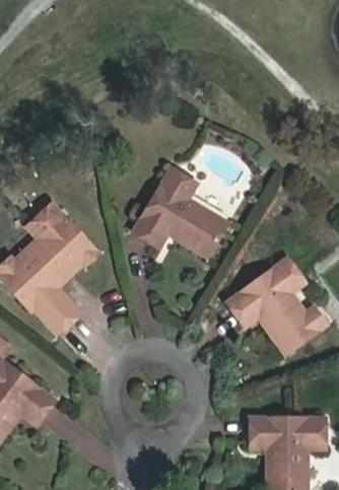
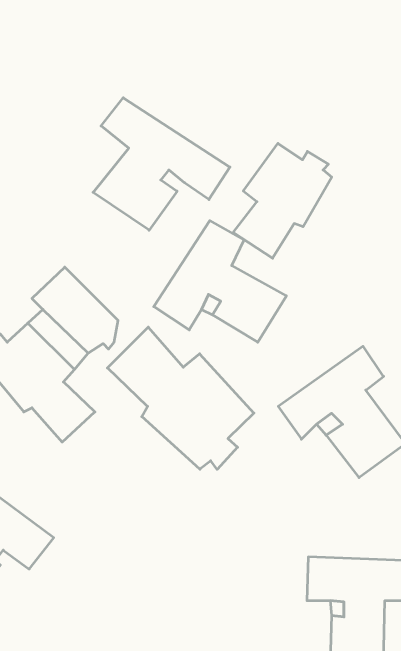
building: none -> [93,98,230,230]
building: none -> [233,143,332,258]
building: none -> [107,327,254,469]

